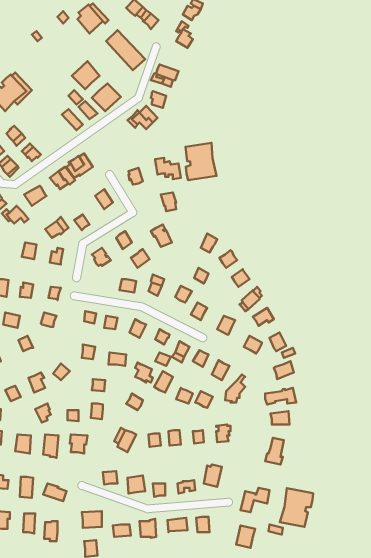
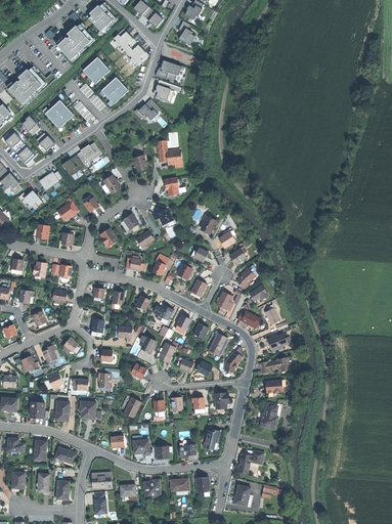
building: none -> [55,26,88,59]
building: none -> [44,100,72,128]
building: [185,143,216,180] -> none
building: [280,488,313,527] -> none

